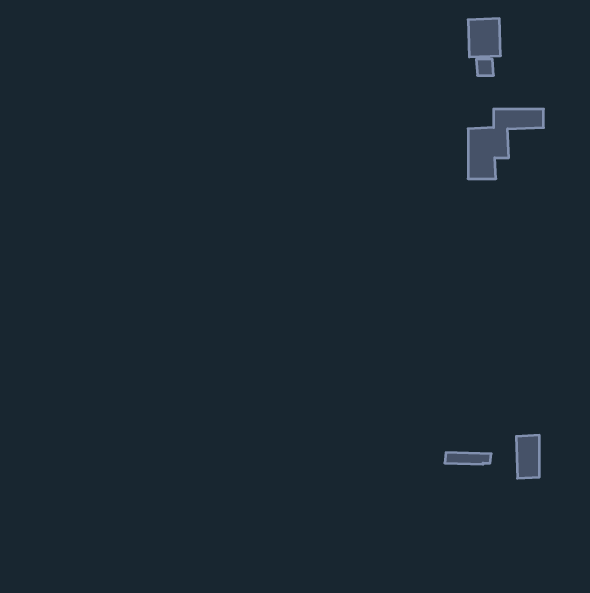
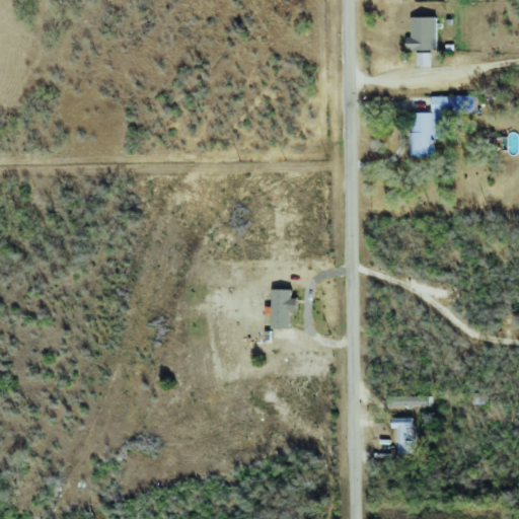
building: none -> [272,289,292,329]
building: [516,435,539,478] -> [394,417,415,454]

